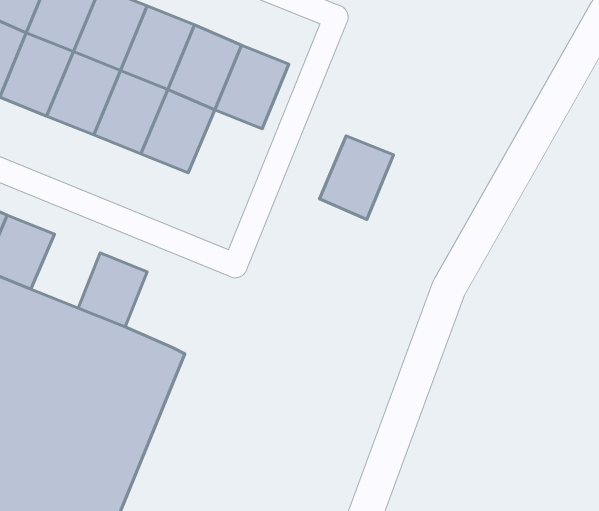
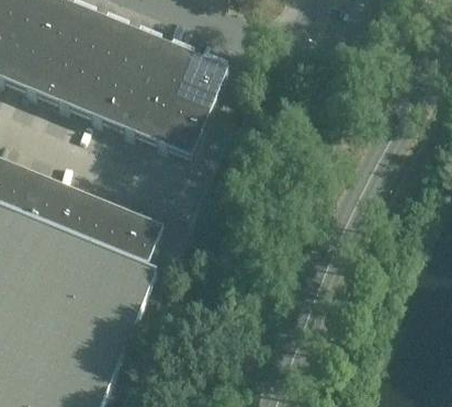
building: [320,136,393,219] -> [157,98,208,156]
building: none -> [47,184,95,236]
building: none -> [113,211,161,263]

